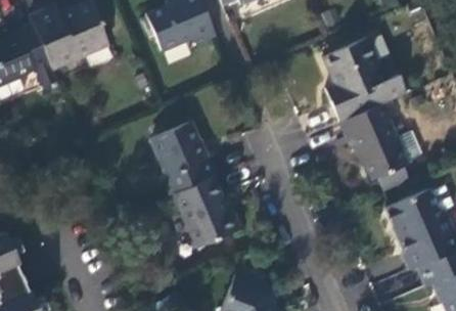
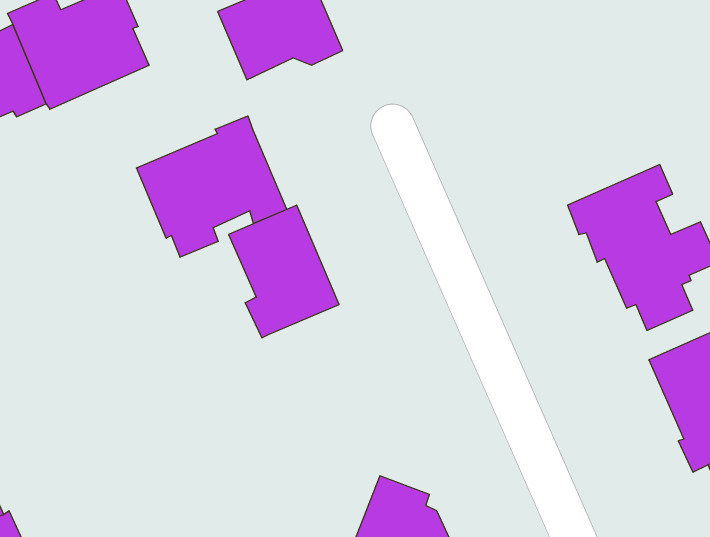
building: [323,37,407,123] -> none
building: none -> [136,116,288,257]
building: [175,178,241,249] -> none

